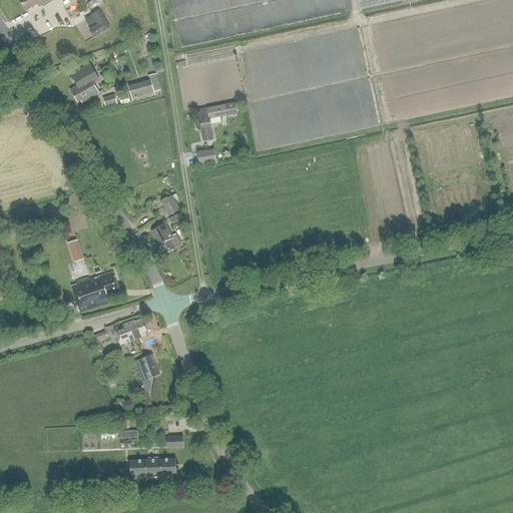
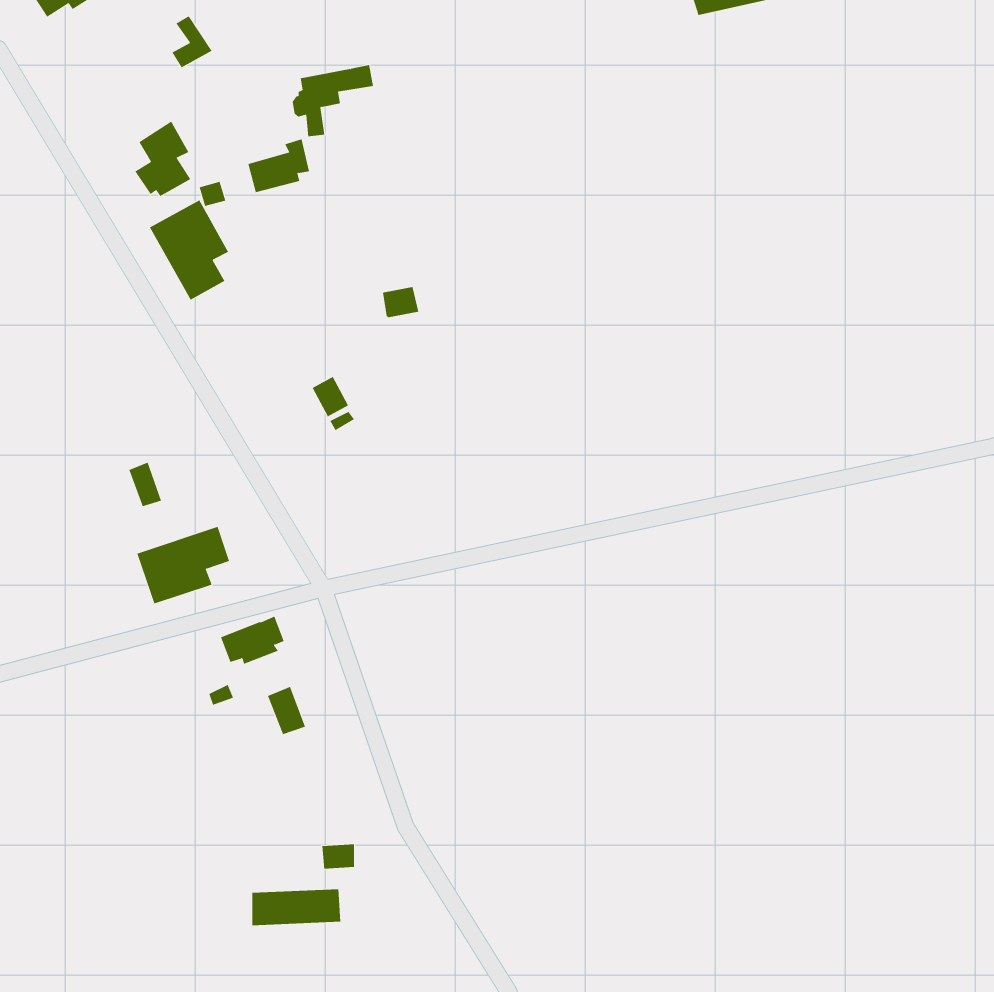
building: [194,101,236,138] -> [292,65,374,137]
building: none -> [149,200,229,301]
building: [151,221,181,252] -> none

